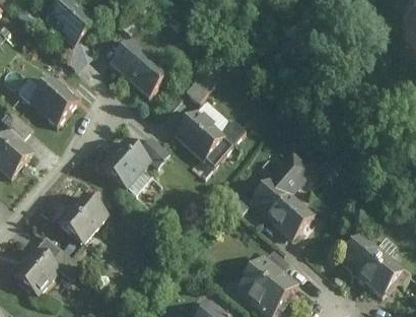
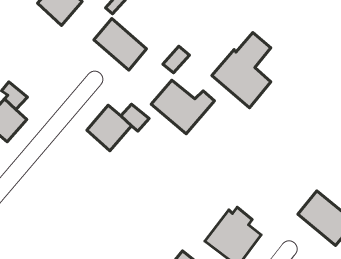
building: [27,75,78,126] -> none
building: [250,154,317,240] -> [212,33,271,108]
building: [57,191,107,242] -> none
building: [12,247,60,295] -> none

